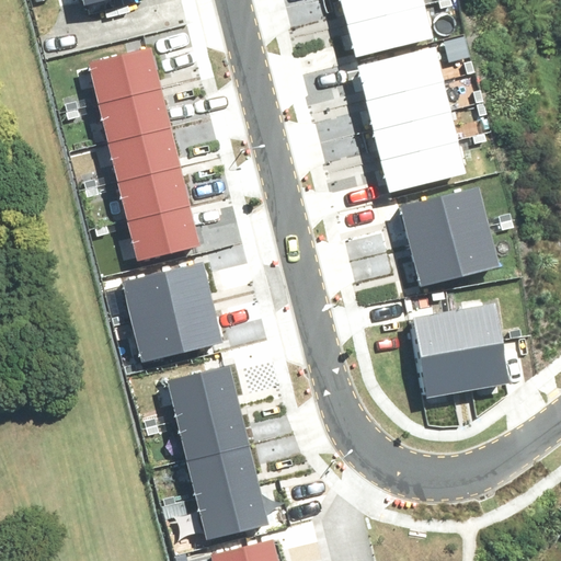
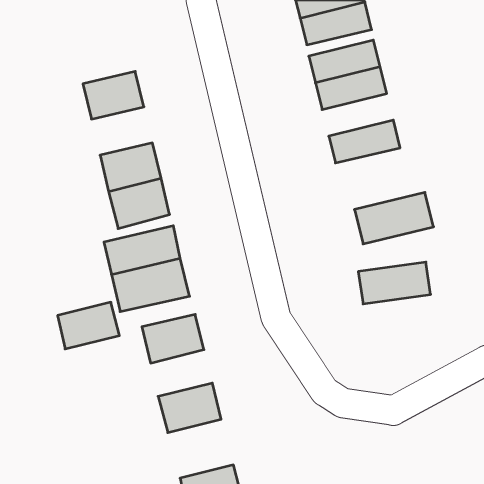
building: [89,44,159,100] -> none
building: [374,111,456,160] -> none
building: [108,126,179,182] -> none
building: [403,187,492,244] -> none
building: [421,342,505,394] -> none
building: [176,405,248,459] -> [58,302,119,349]
building: [196,485,267,539] -> none

